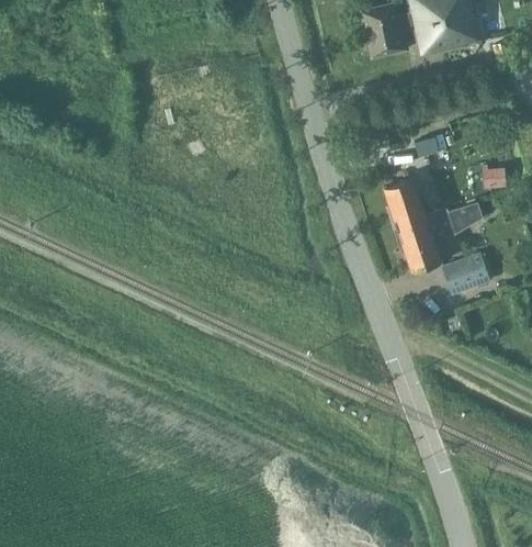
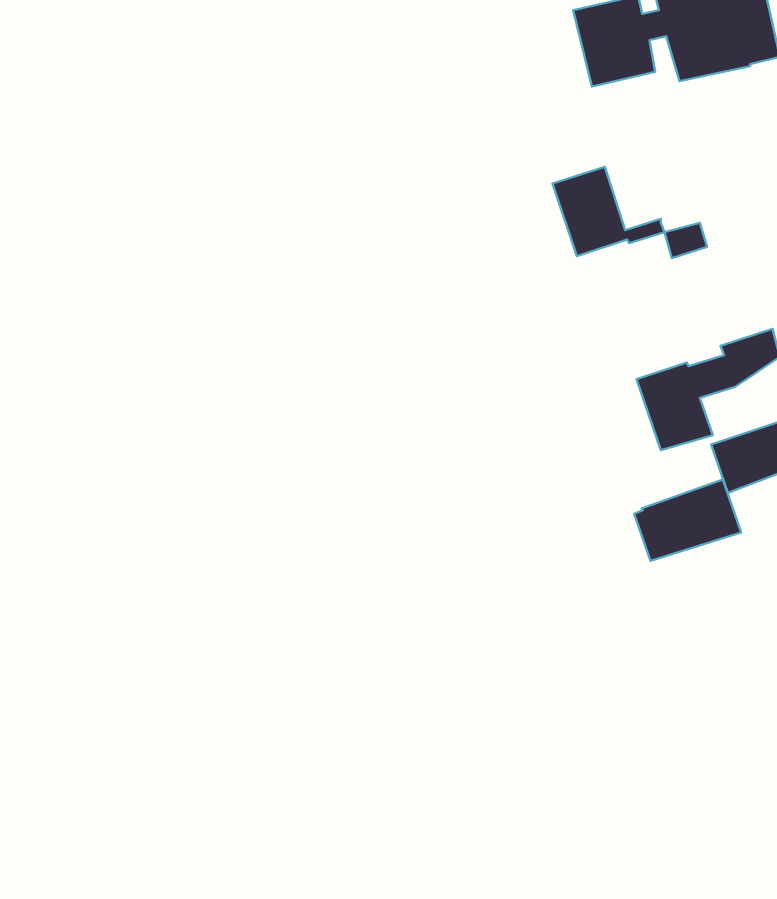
building: [382,177,448,230] -> [553,167,664,256]
building: none -> [634,479,741,561]

